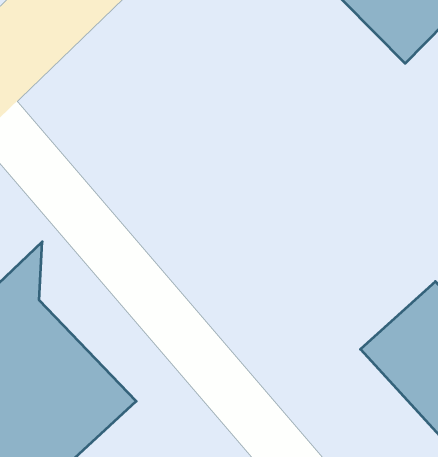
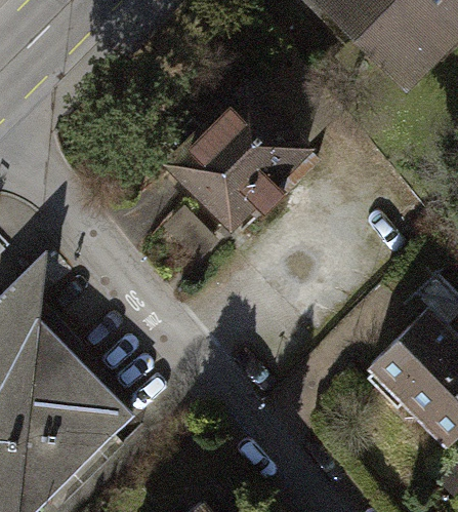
building: none -> [156,77,314,235]

